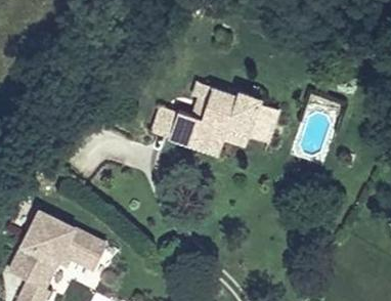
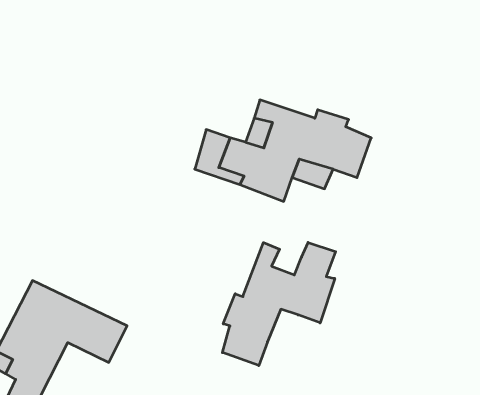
building: none -> [222,242,336,366]

